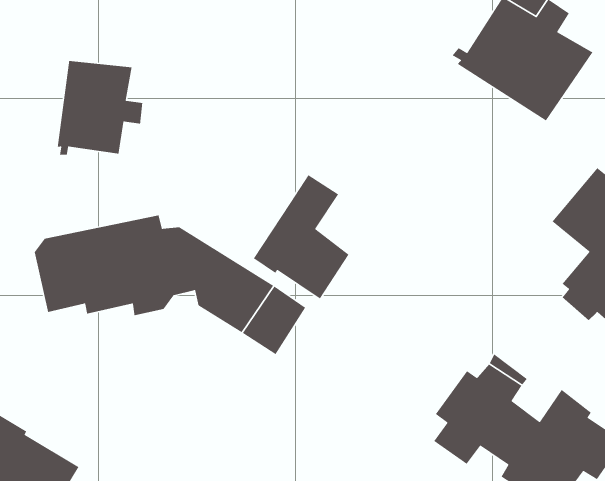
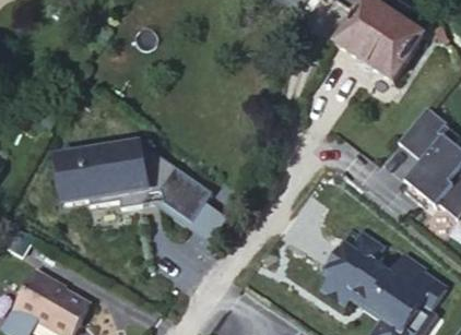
building: [57,60,143,155] -> none
building: [253,174,349,299] -> none

